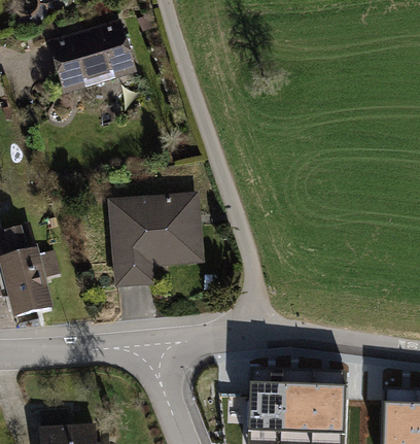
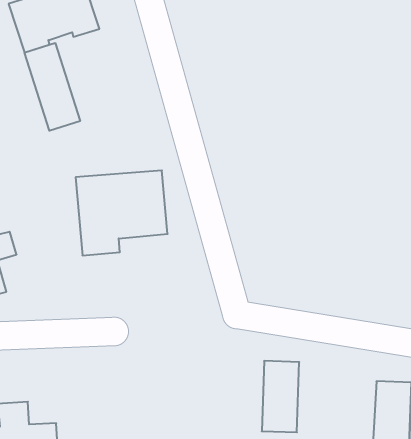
building: none -> [25,43,80,131]
building: [248,370,282,435] -> none
building: [312,372,346,437] -> none

